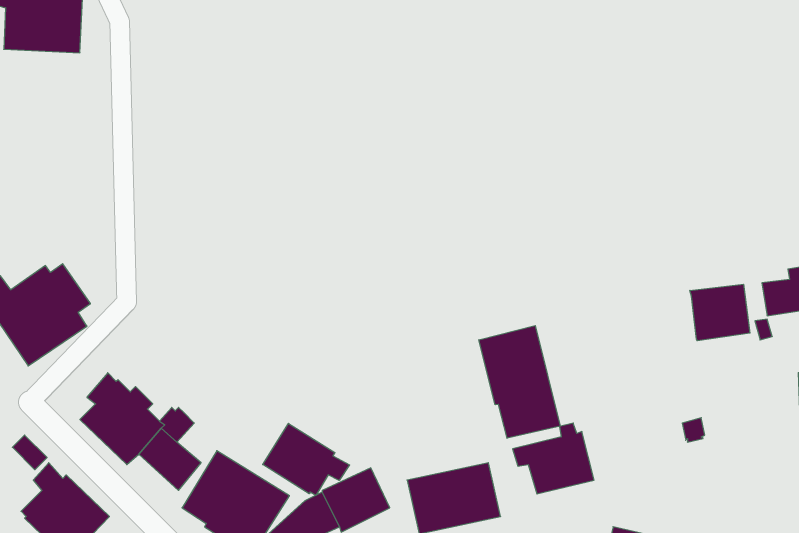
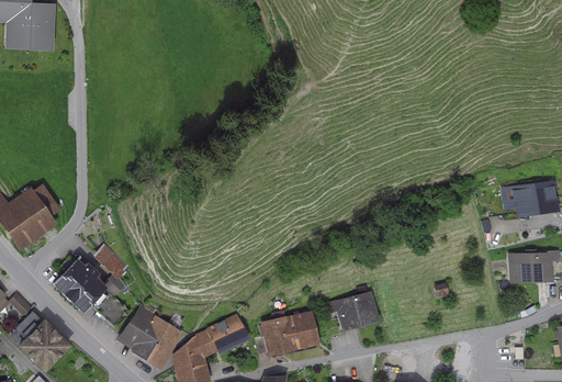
building: [690,284,750,341] -> none
building: [479,326,560,438] -> none
building: none -> [92,244,130,279]
building: [263,423,350,495] -> none

